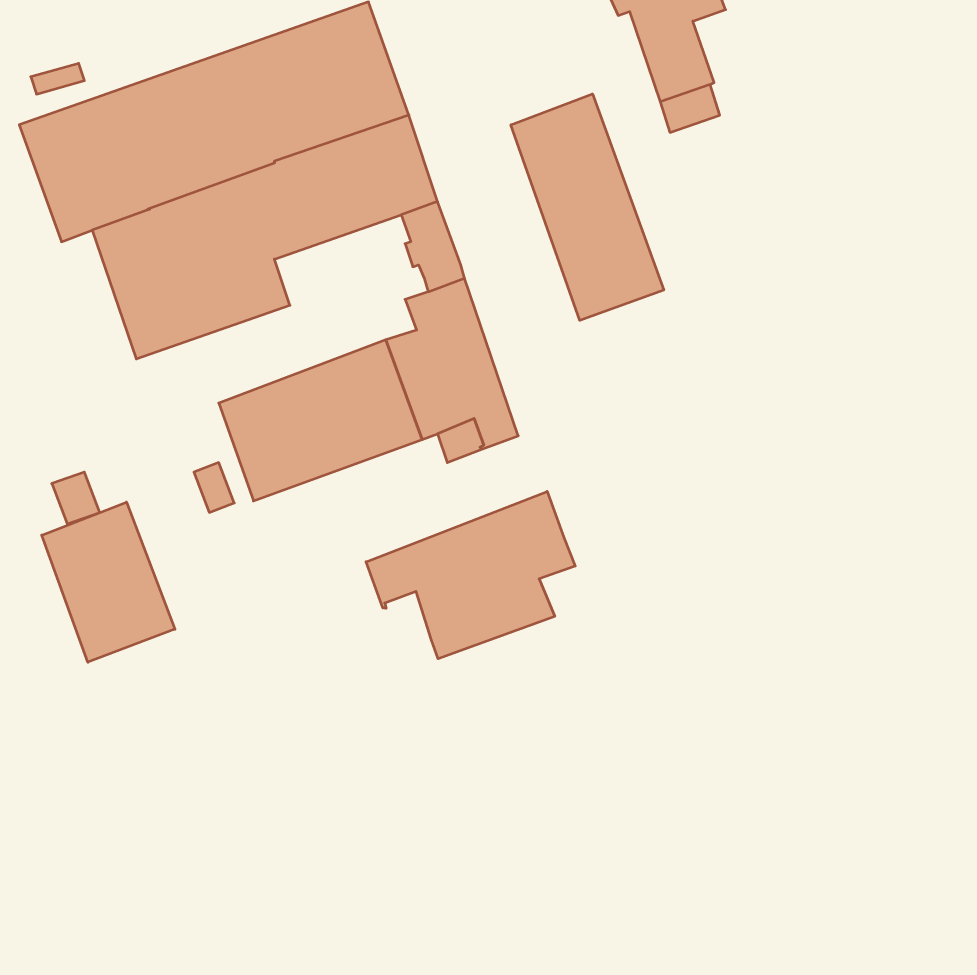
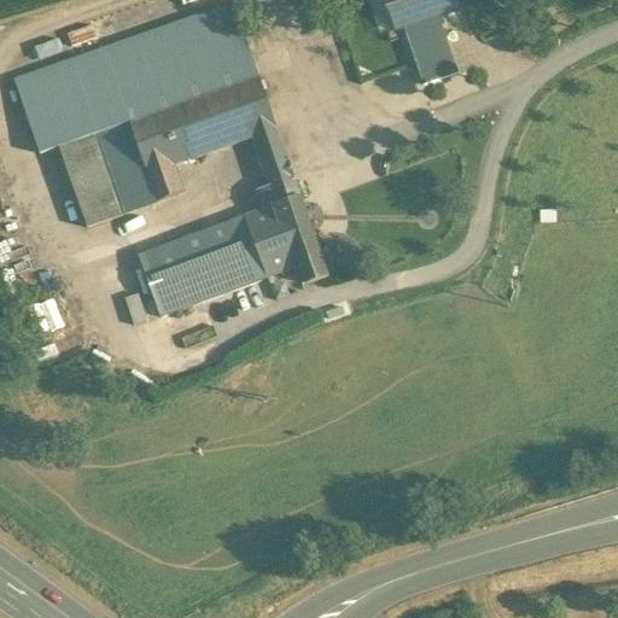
building: [511,94,664,320] -> none
building: [366,491,575,659] -> none
building: [42,502,175,662] -> none

